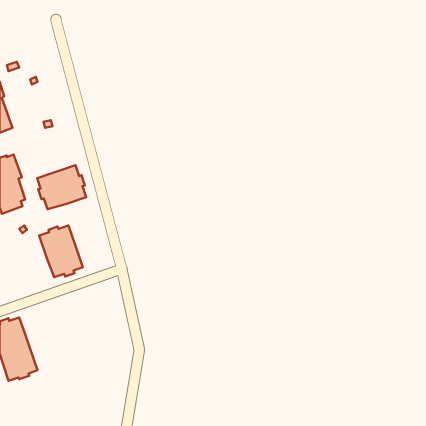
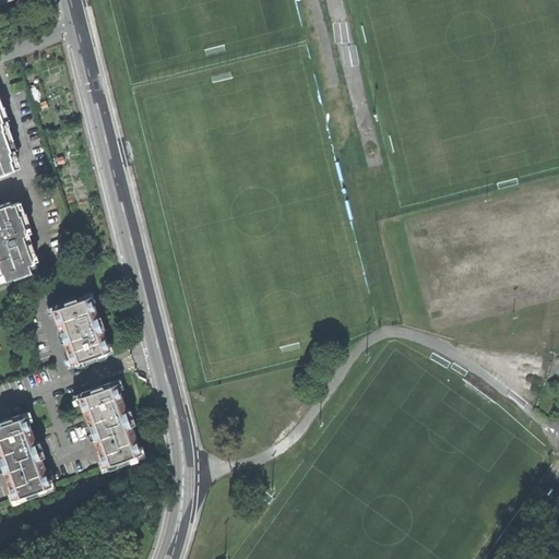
building: [37,165,86,209] -> none
building: none -> [76,383,141,466]

